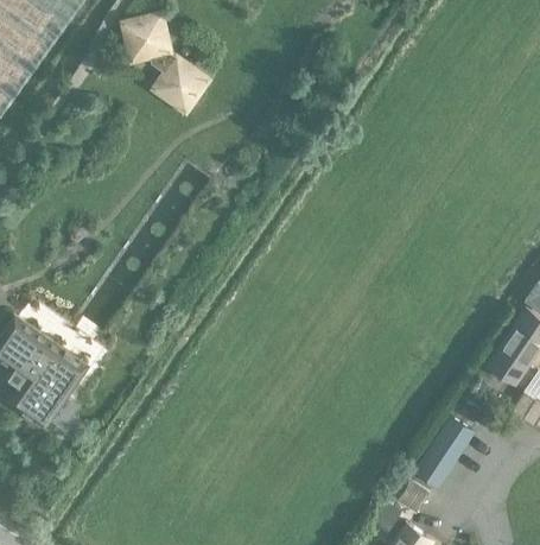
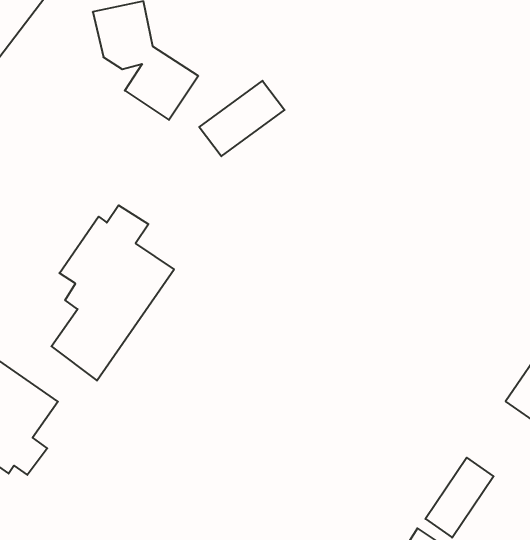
building: none -> [199,81,285,156]
building: none -> [51,205,174,381]

